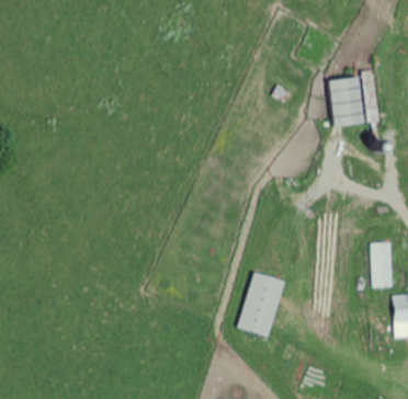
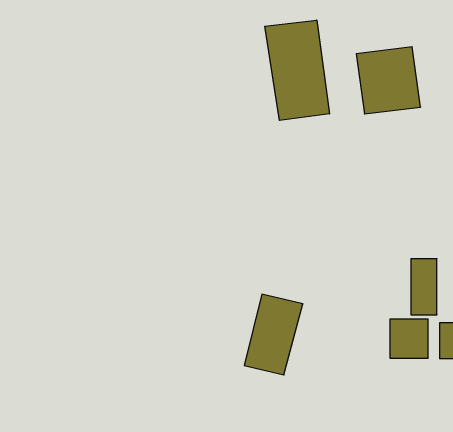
building: none -> [265,20,329,120]
building: none -> [390,319,428,358]

